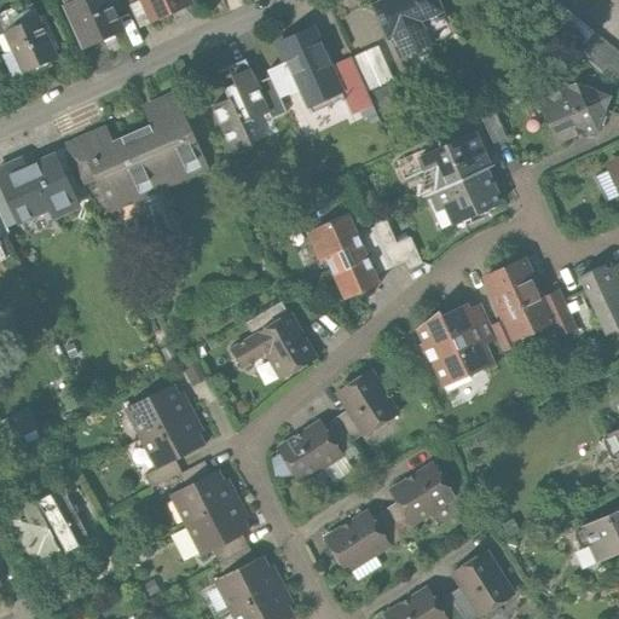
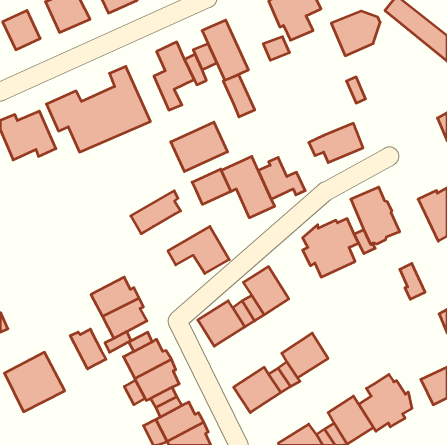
building: [329,56,372,114] -> [223,75,255,117]
building: [538,80,606,141] -> [331,11,380,56]
building: [420,137,488,187] -> none
building: none -> [171,122,228,172]
building: none -> [192,169,231,204]
building: none -> [131,191,181,234]
building: [542,288,577,337] -> [400,263,425,299]
building: none -> [70,329,106,369]
building: none -> [359,374,412,431]

